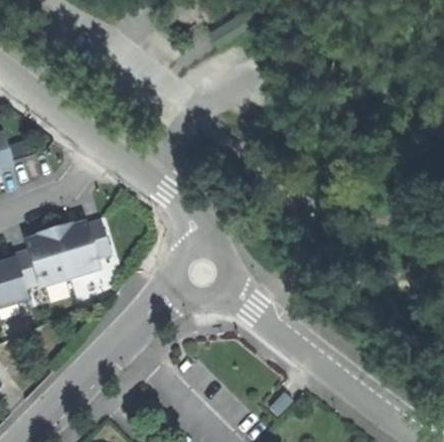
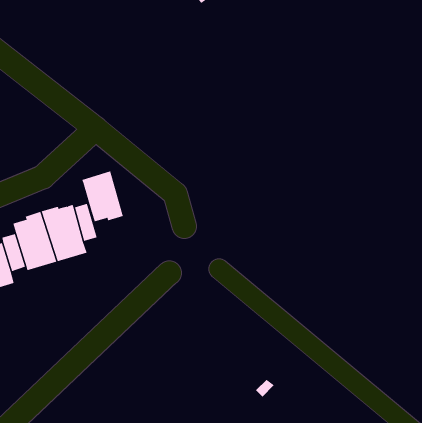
building: none -> [81,171,123,222]

